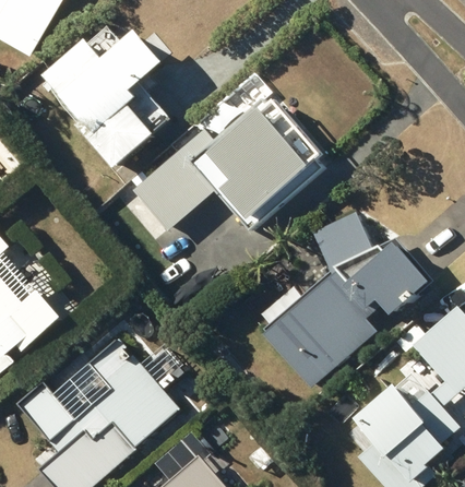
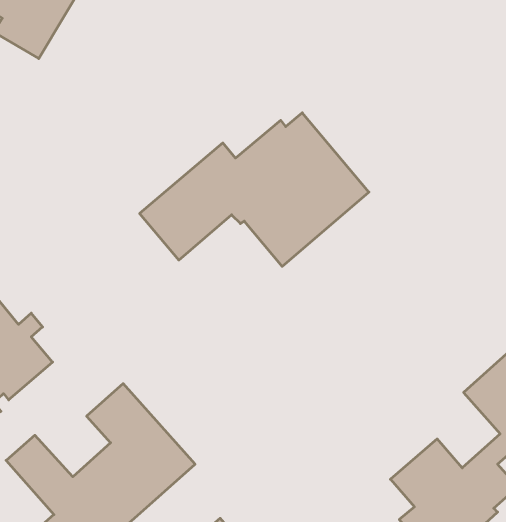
building: [38,31,170,169] -> none
building: [263,213,425,388] -> none

